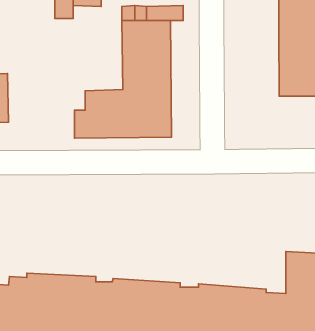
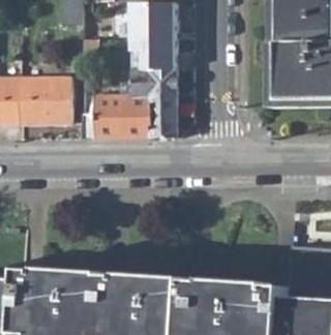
building: none -> [18,78,70,124]

